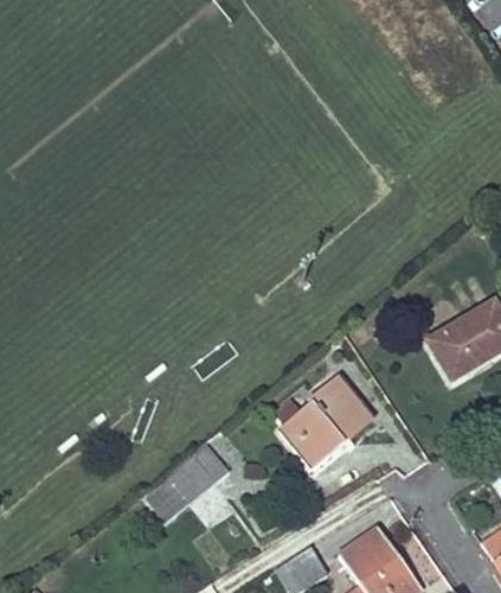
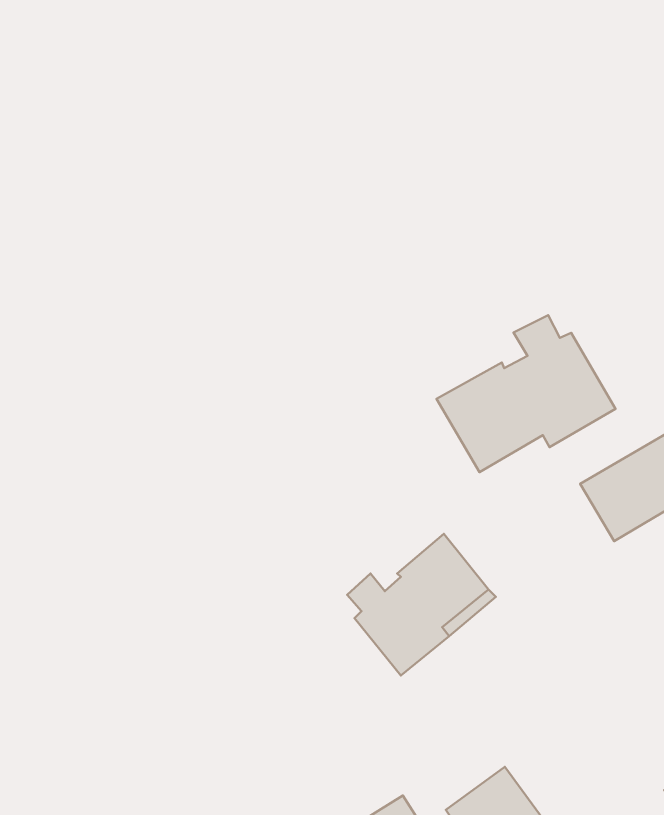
building: none -> [437,315,616,472]
building: [144,441,230,523] -> none

